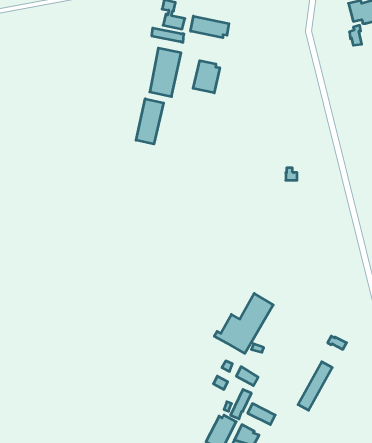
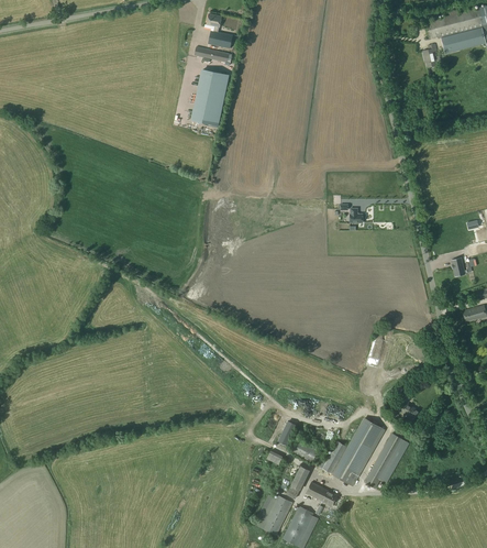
building: [191,16,229,38] -> none
building: [193,61,220,93] -> none
building: [136,99,164,144] -> none
building: [214,293,273,353] -> [318,417,386,486]

